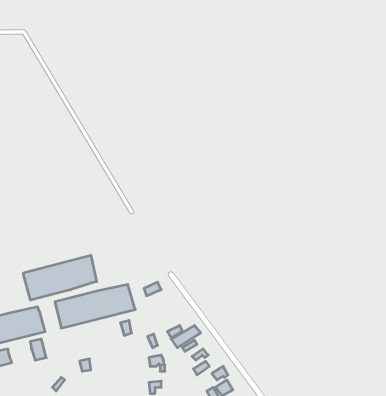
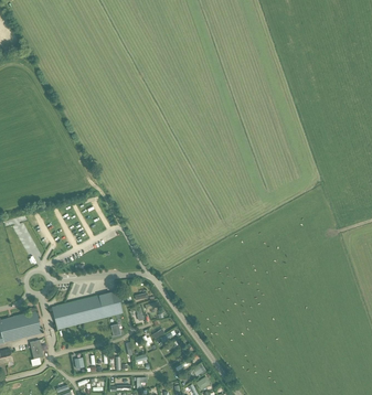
building: [23,255,97,300] -> none

